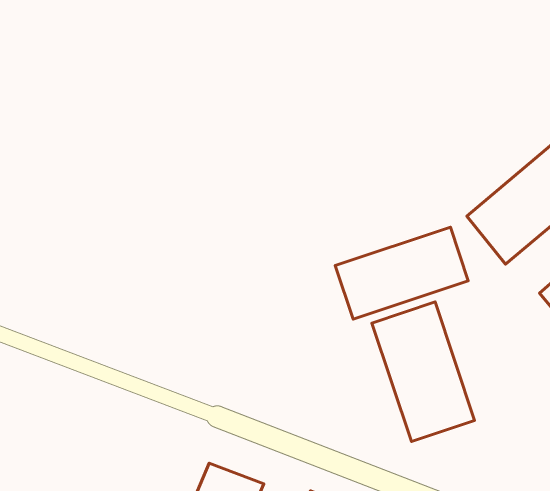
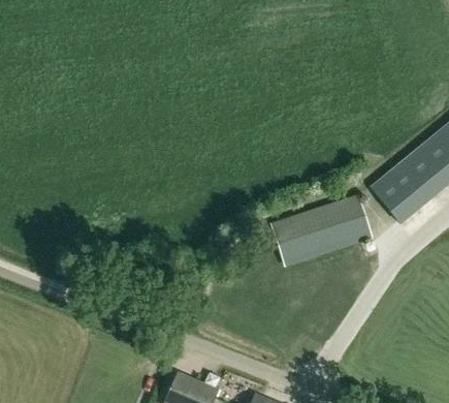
building: [372,302,475,442] -> none

